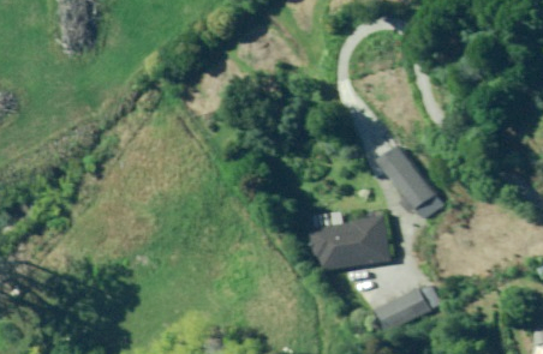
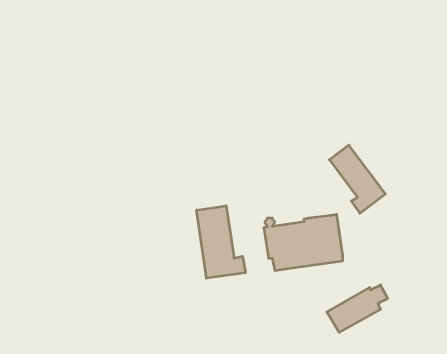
building: none -> [197,206,245,278]

